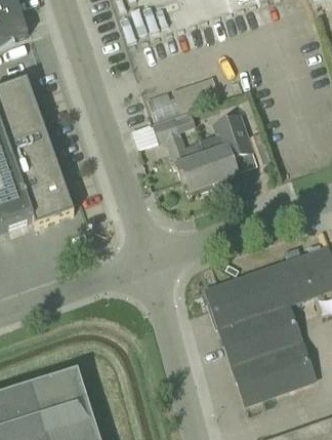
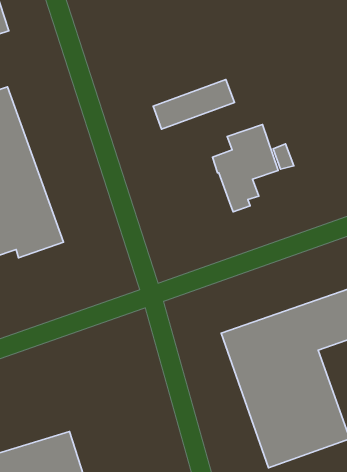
building: [133,111,214,190] -> none

